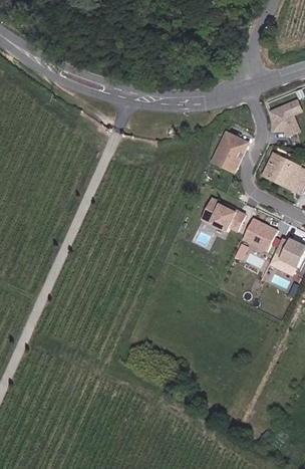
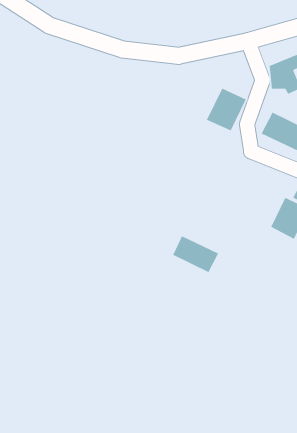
building: [201,197,246,233] -> [172,235,219,273]
building: [242,217,278,251] -> none

